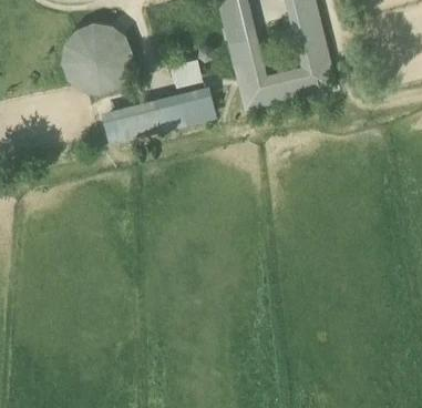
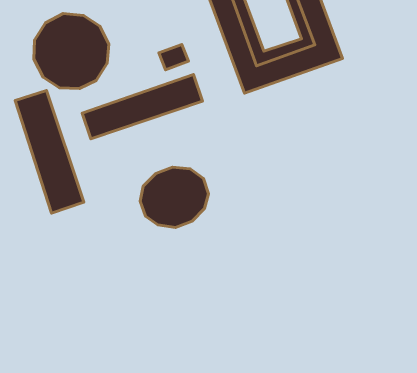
building: none -> [15,90,84,213]
building: none -> [140,167,209,227]

